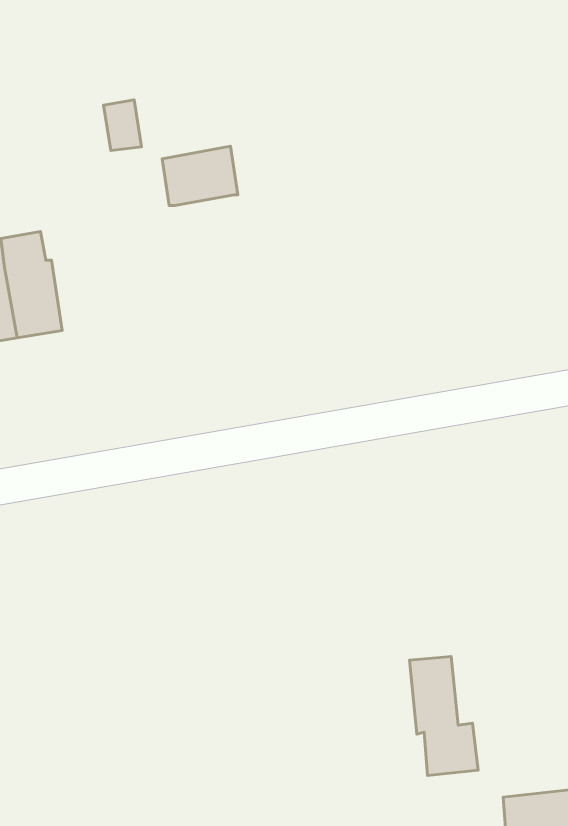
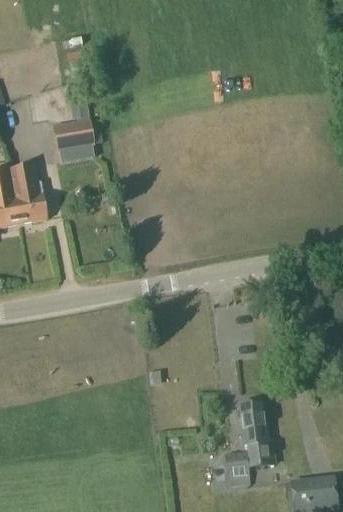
building: [162,146,238,206] -> [52,118,94,151]
building: none -> [223,451,248,485]

